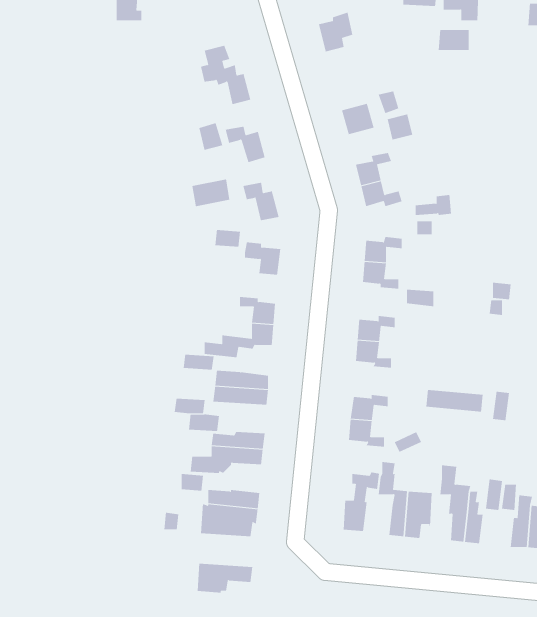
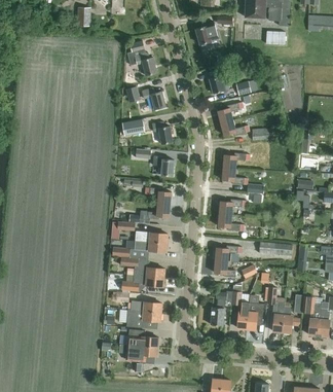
building: none -> [125,329,158,347]

